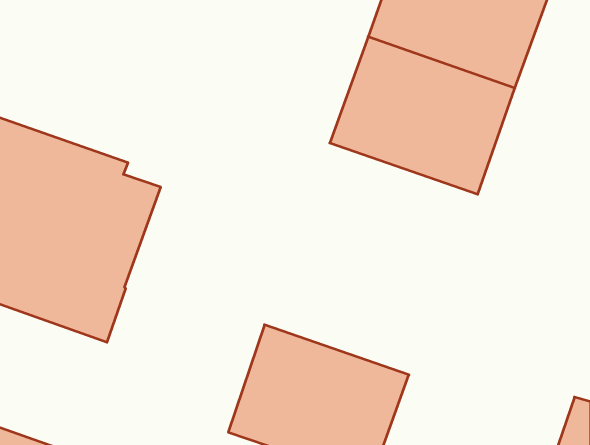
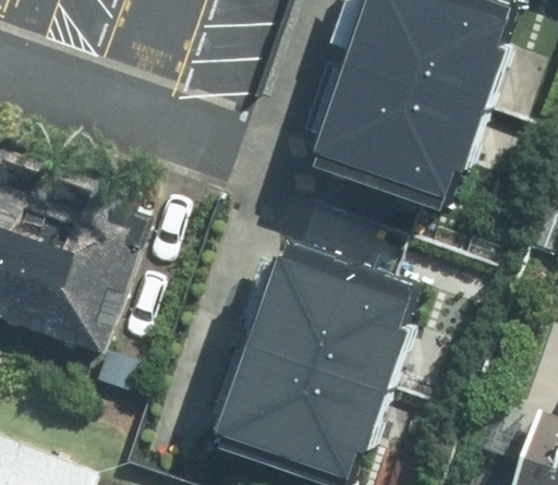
building: none -> [247,240,417,387]

